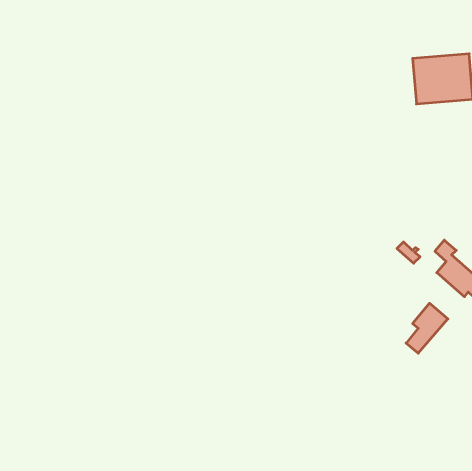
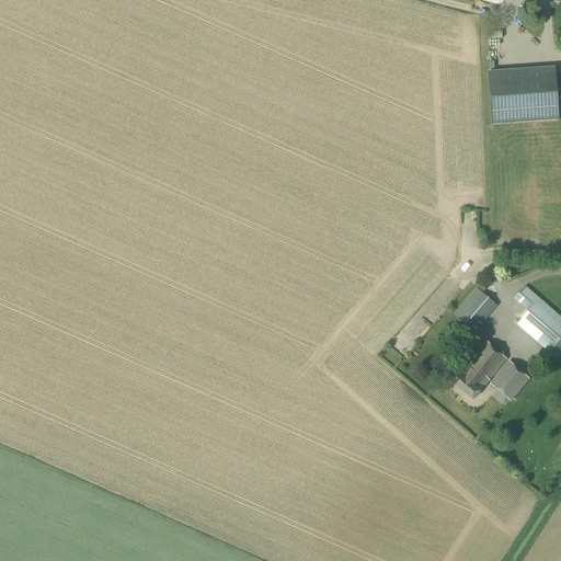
building: none -> [451,302,484,333]
building: none -> [450,339,507,399]

